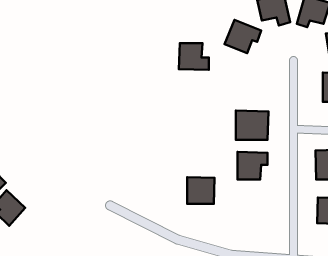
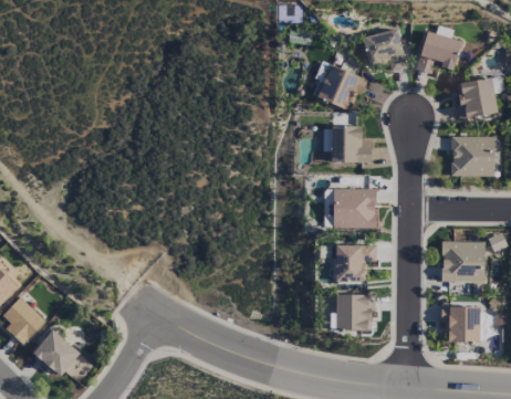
building: [179,43,209,70] -> [331,126,372,162]
building: [187,177,215,204] -> [336,294,374,330]
building: none -> [32,329,81,378]

